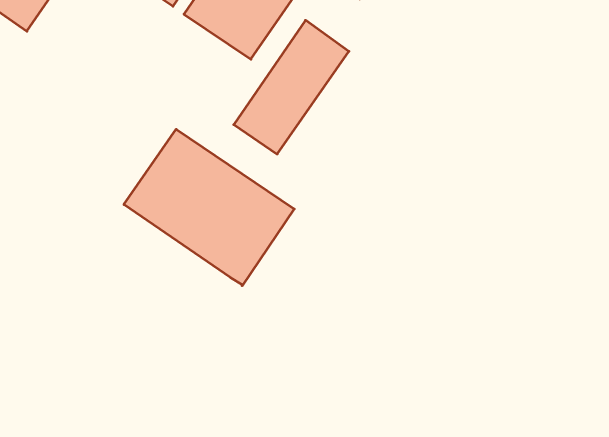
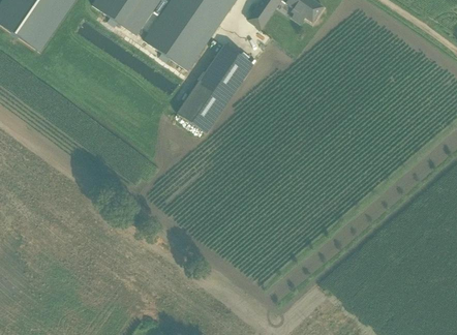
building: [124,129,294,286] -> none

